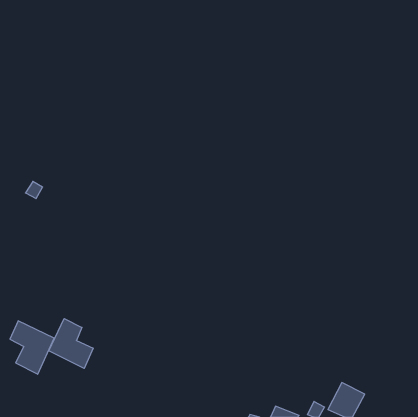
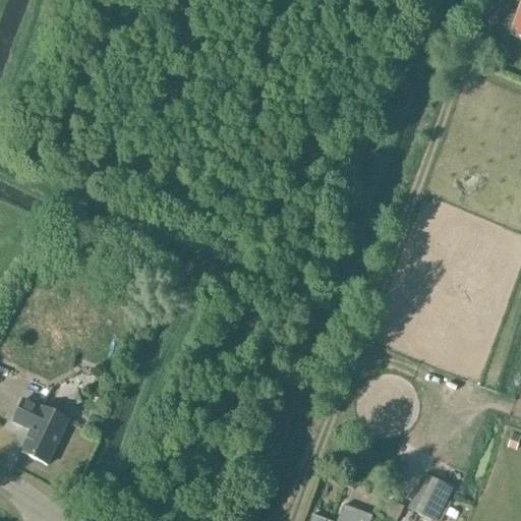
building: [49,319,93,368] -> none

